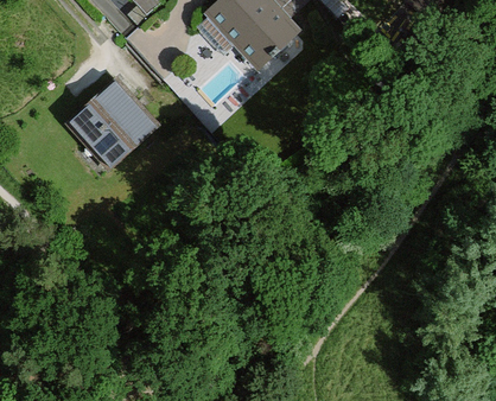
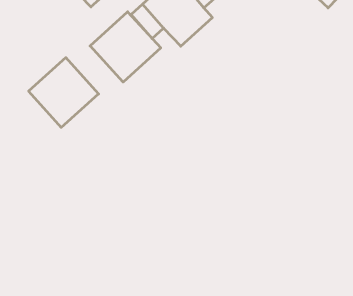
building: none -> [90,12,161,82]

